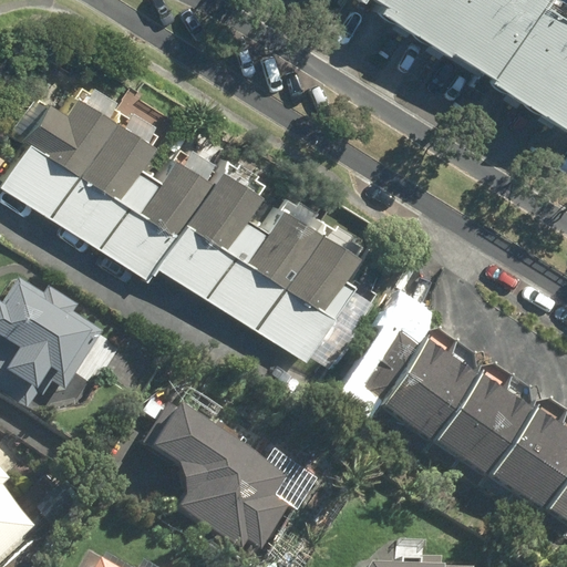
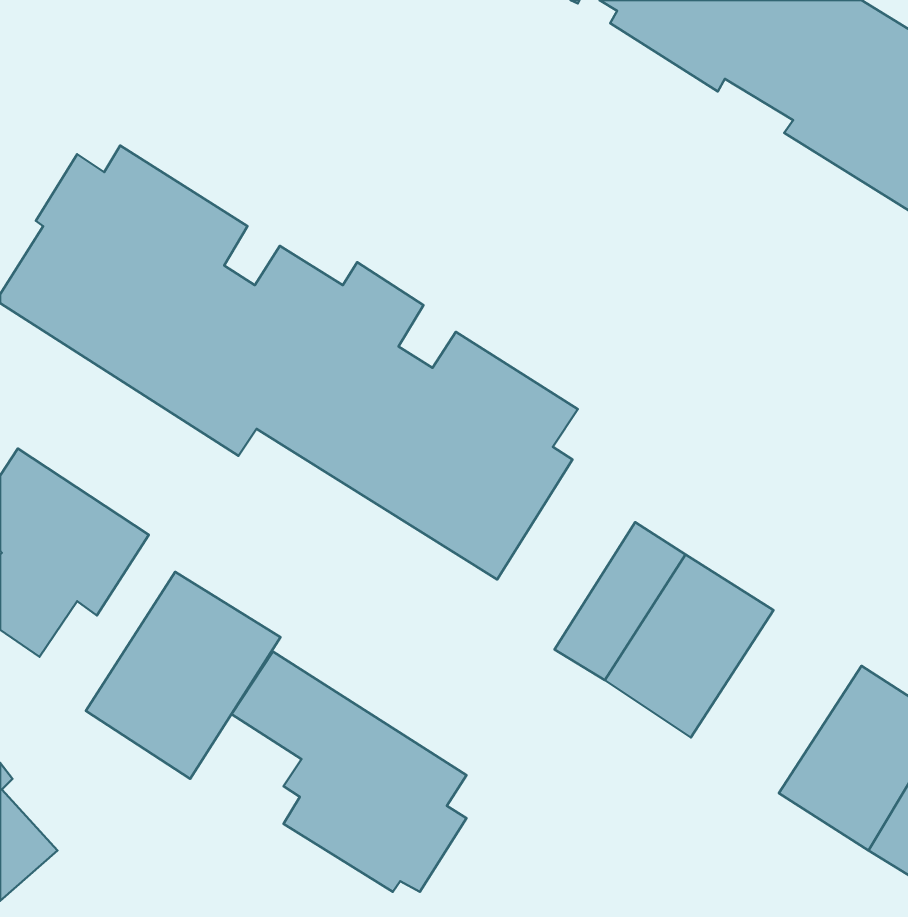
building: none -> [86,572,281,779]
building: [432,377,537,489] -> none

